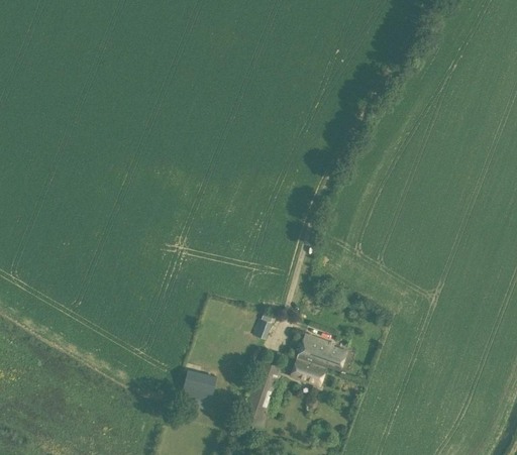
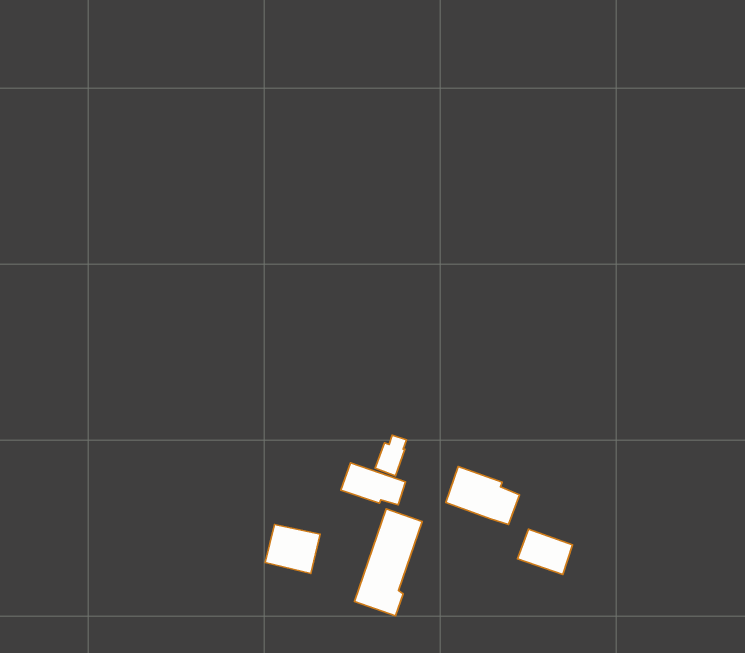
building: none -> [341,463,405,505]
building: [290,356,325,385] -> [517,529,572,575]

